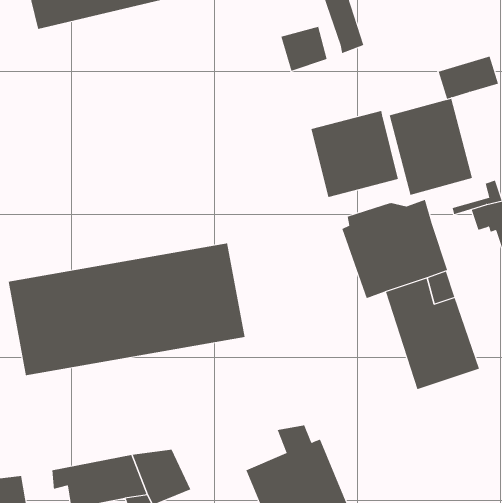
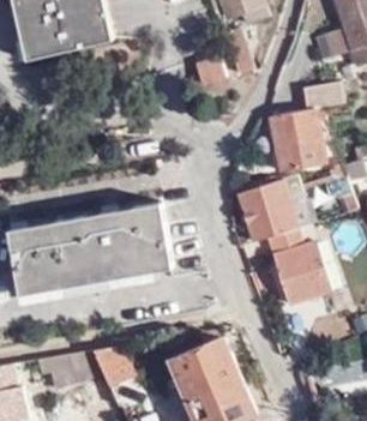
building: [311,110,399,198] -> none

